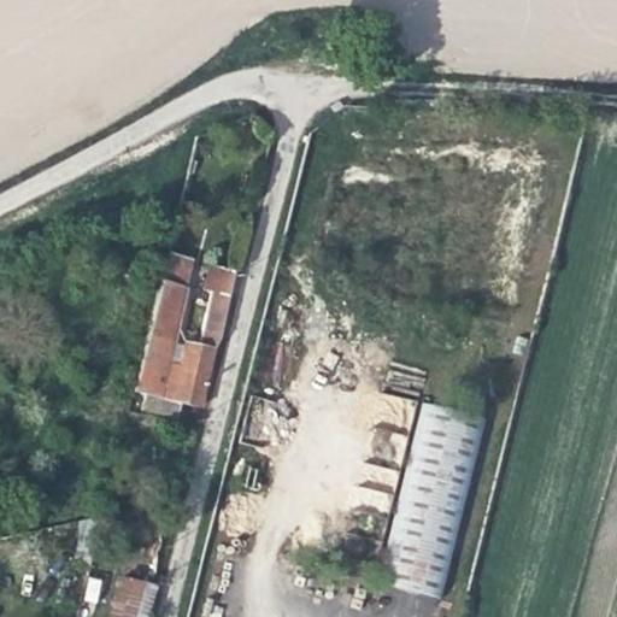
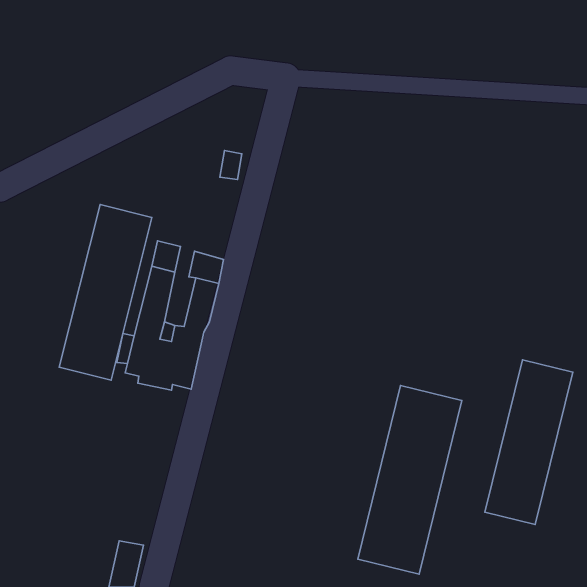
building: none -> [59,204,152,380]
building: none -> [485,360,573,525]

